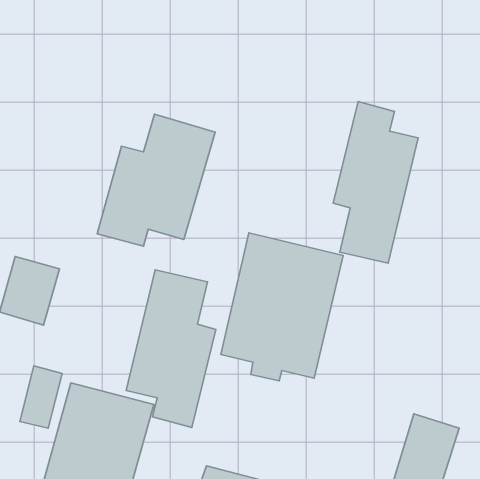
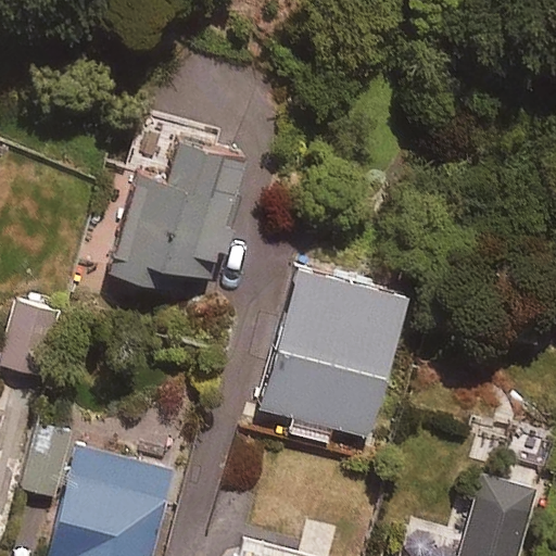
building: [333,101,418,263] -> none
building: [126,270,216,427] -> none

